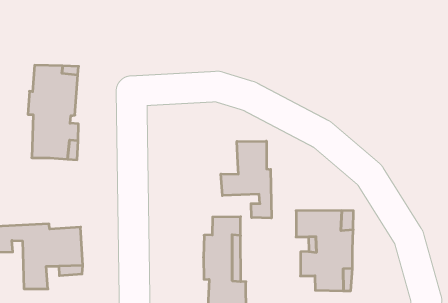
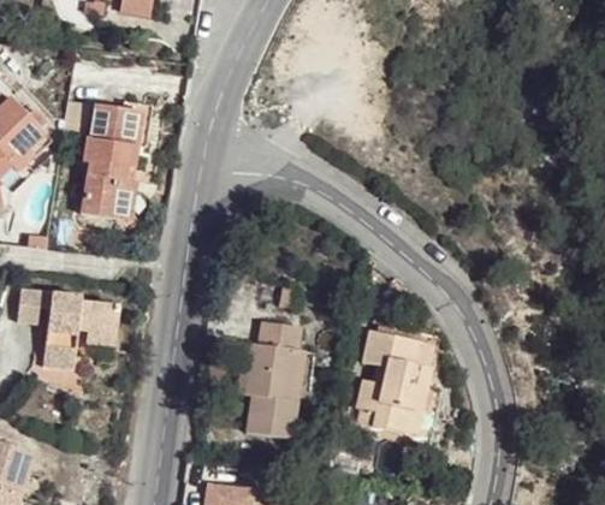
building: [221,141,271,218] -> none

